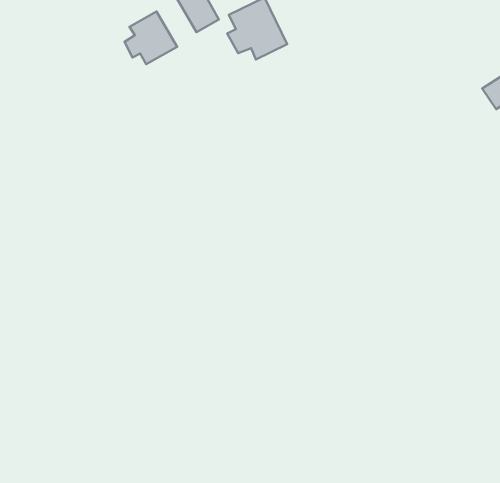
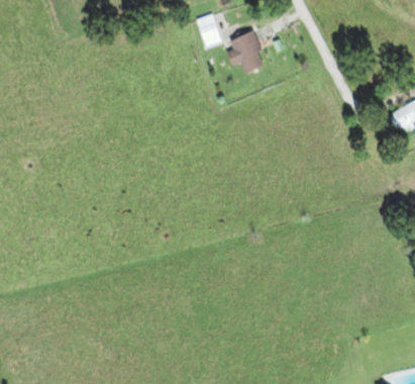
building: [124,12,177,64] -> none

